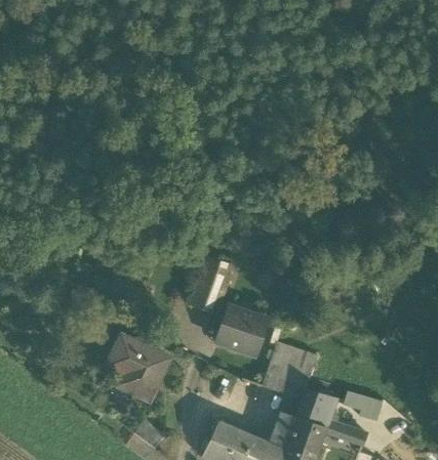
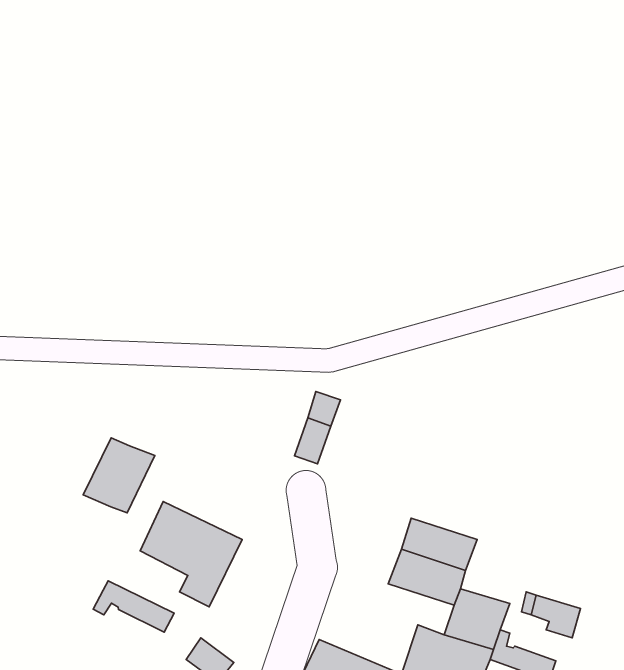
building: none -> [83,438,155,513]
building: [216,307,268,356] -> none
building: none -> [93,581,174,632]

